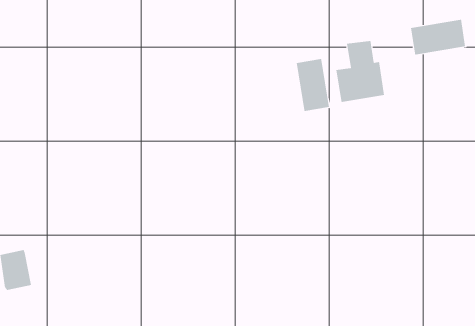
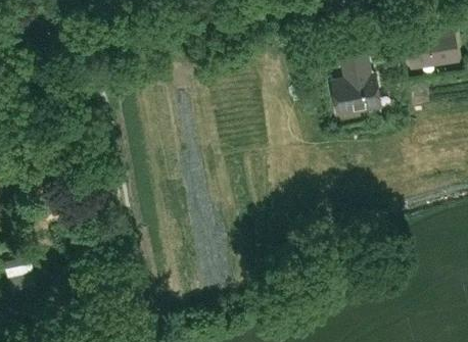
building: [296,58,330,112] -> none

